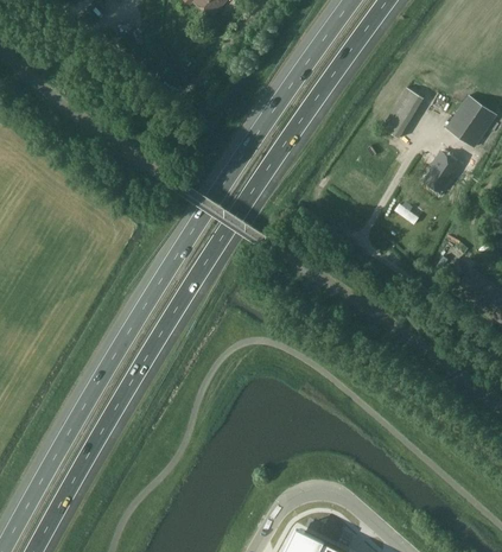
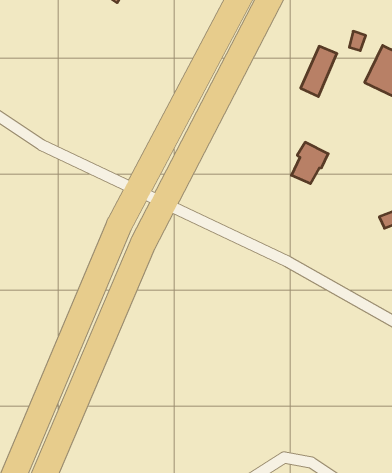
building: [424,152,463,193] -> [291,142,328,184]

